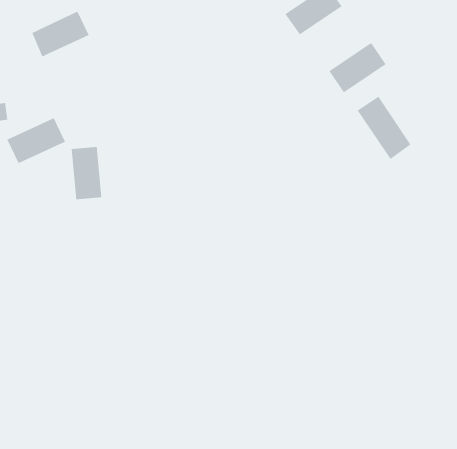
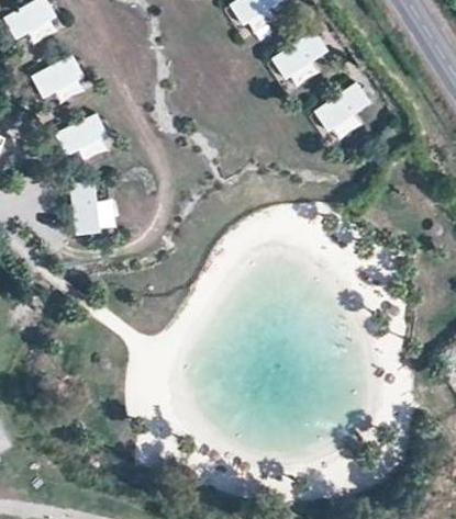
building: [357,96,411,160] -> none
building: [7,118,66,164] -> [55,112,111,156]

